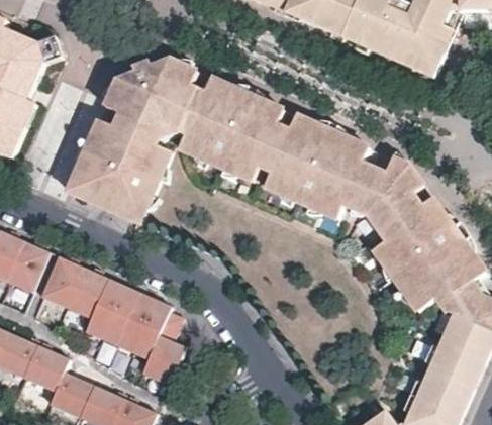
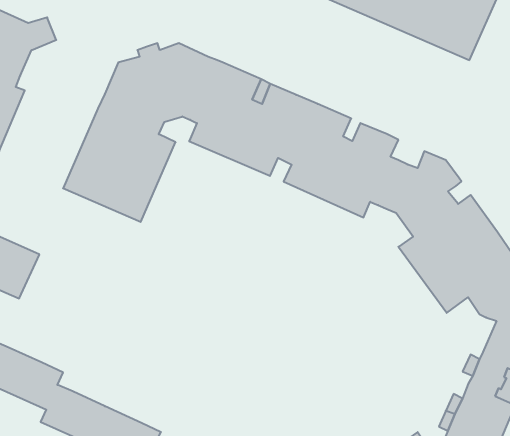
building: [38,254,186,383] -> none

